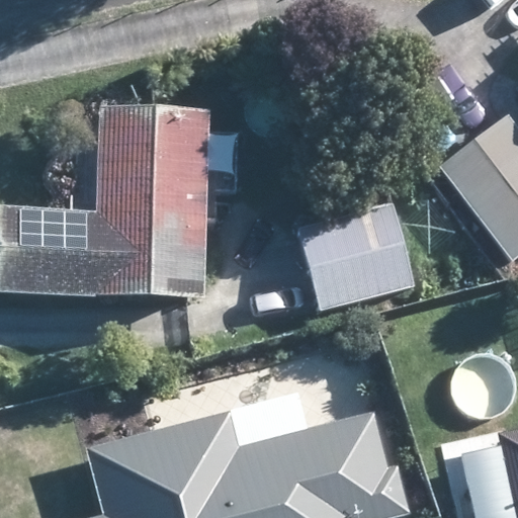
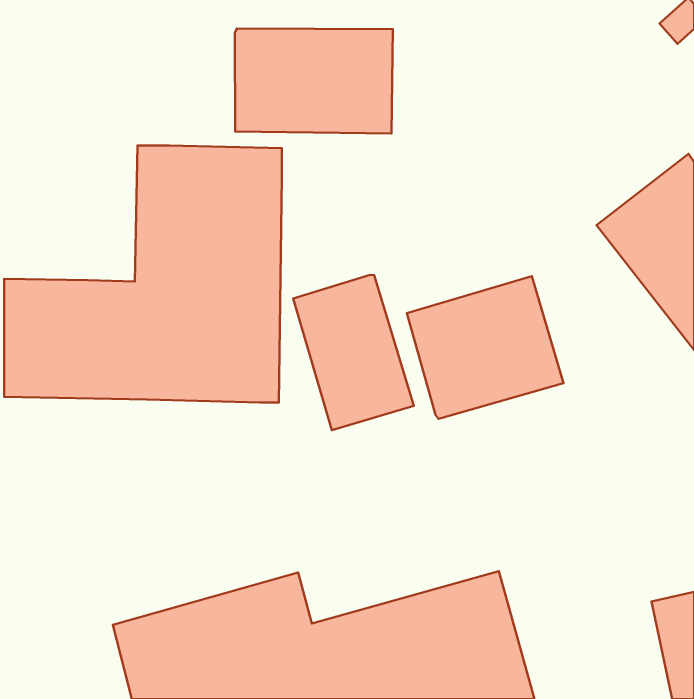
building: none -> [235,28,393,134]
building: none -> [293,275,414,430]

